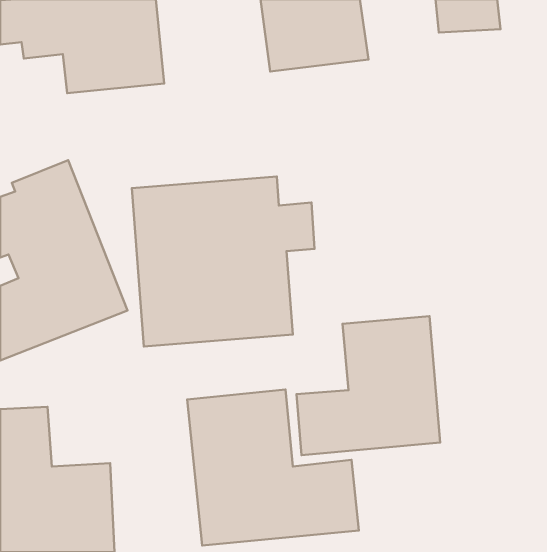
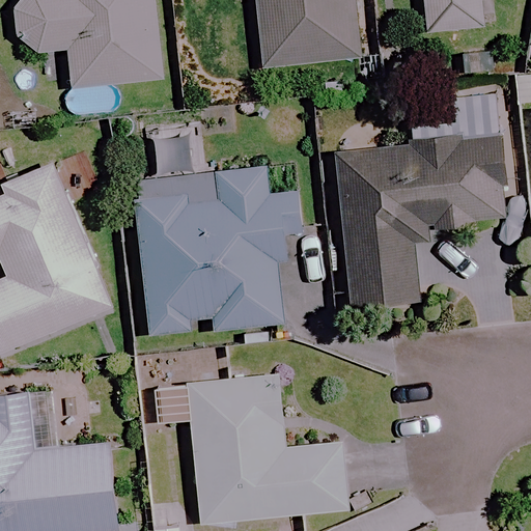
building: none -> [335,137,506,307]
building: [297,316,440,455] -> none

